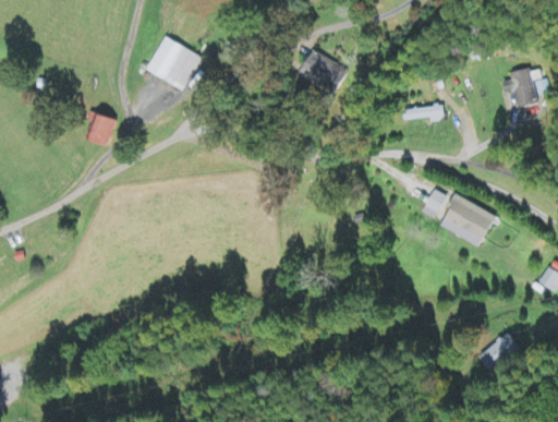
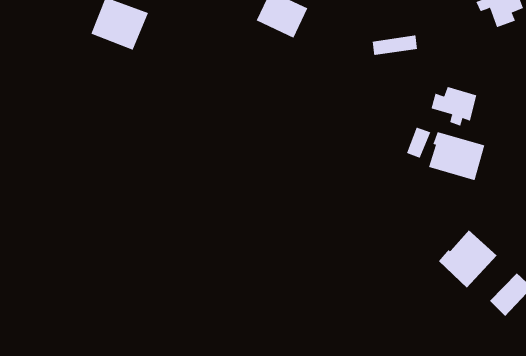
building: [86,112,116,145] -> none
building: none -> [431,86,477,126]
building: none -> [438,229,497,288]

